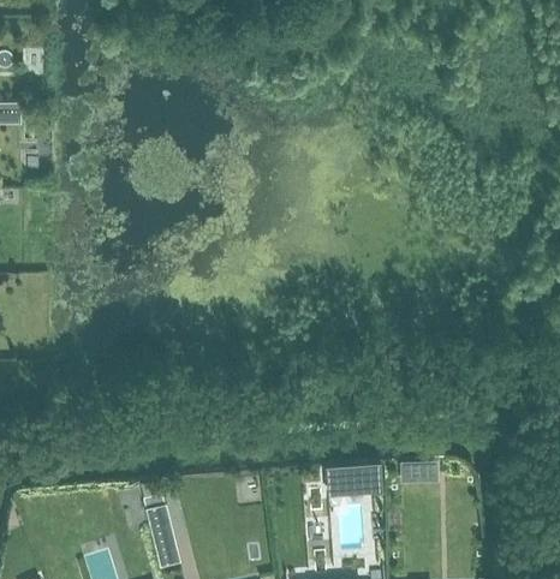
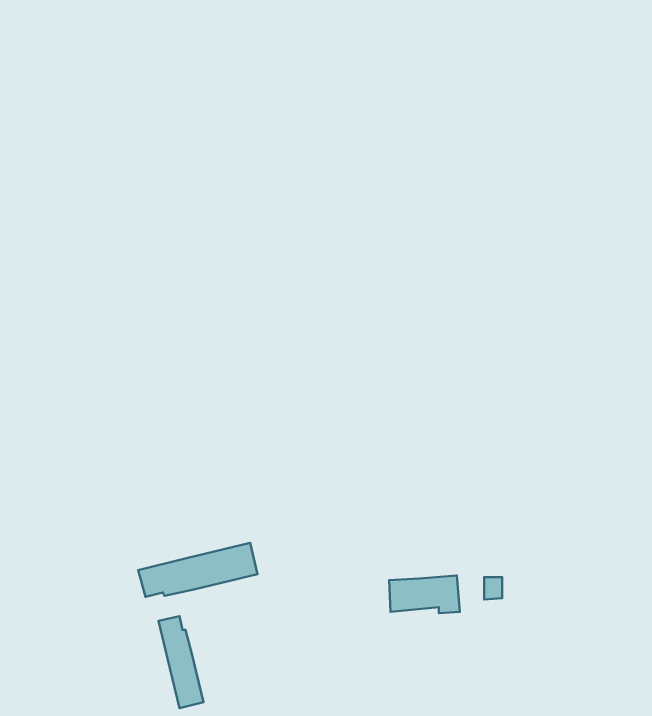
building: none -> [138,543,257,597]

